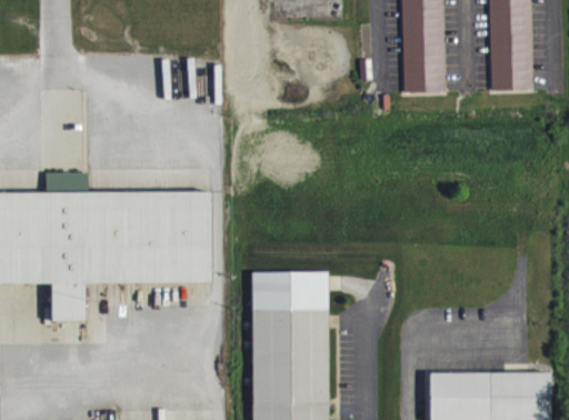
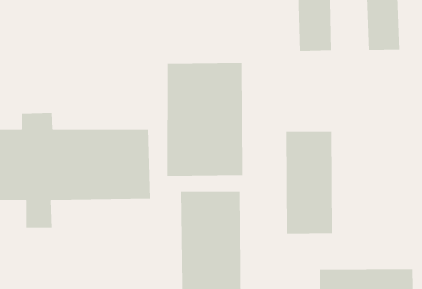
building: none -> [167,62,243,177]
building: none -> [286,131,333,234]

